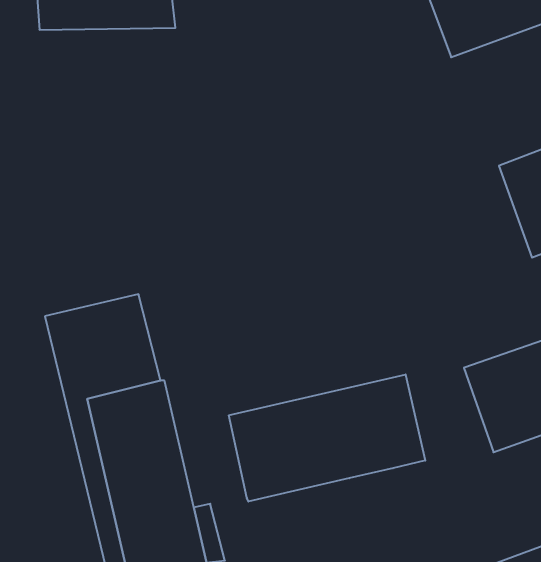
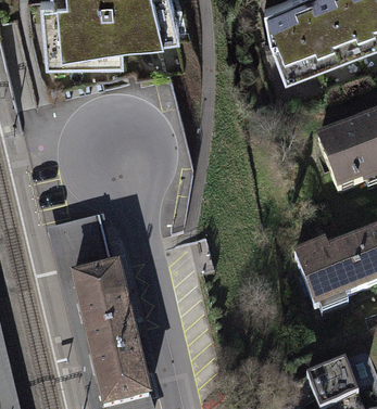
building: [229,374,425,502] -> none

